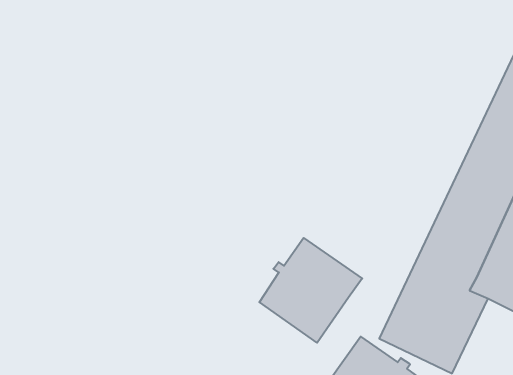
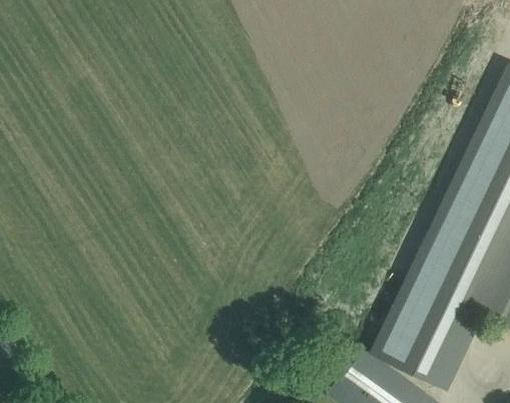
building: [259,238,362,343] -> none

